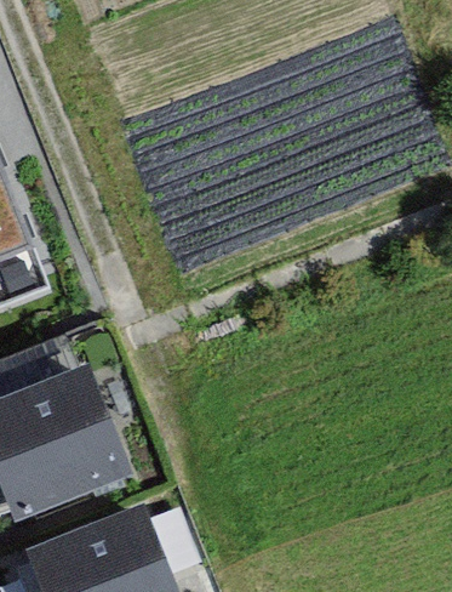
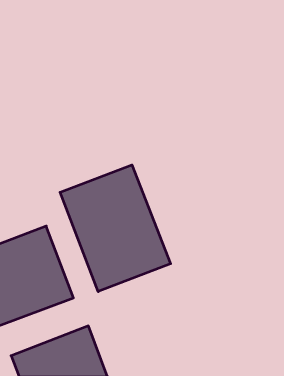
building: none -> [60,165,171,292]

